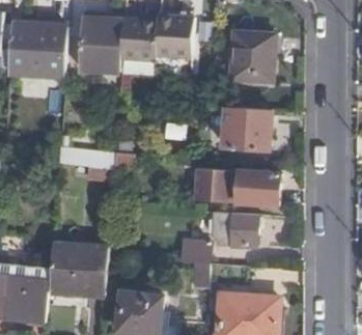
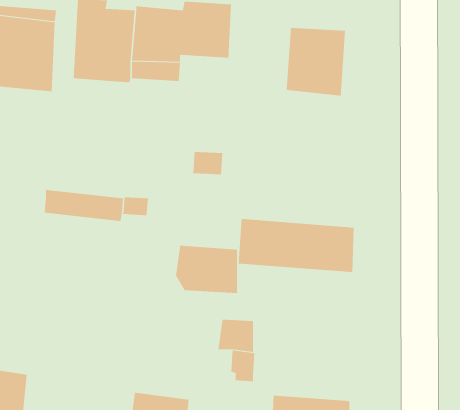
building: [224,107,271,148] -> none
building: [211,212,255,246] -> [175,245,238,293]
building: [50,243,108,296] -> none

